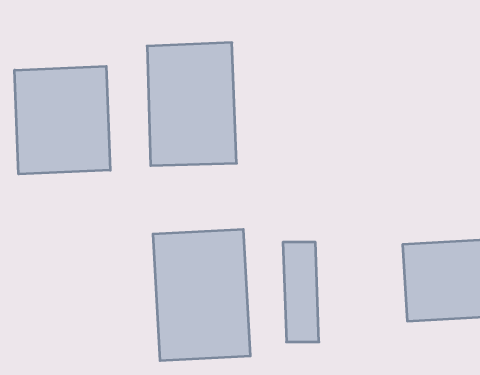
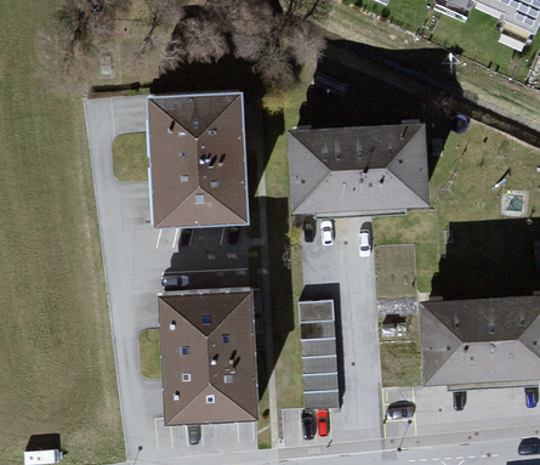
building: [15,66,110,174] -> none
building: none -> [291,121,428,211]

